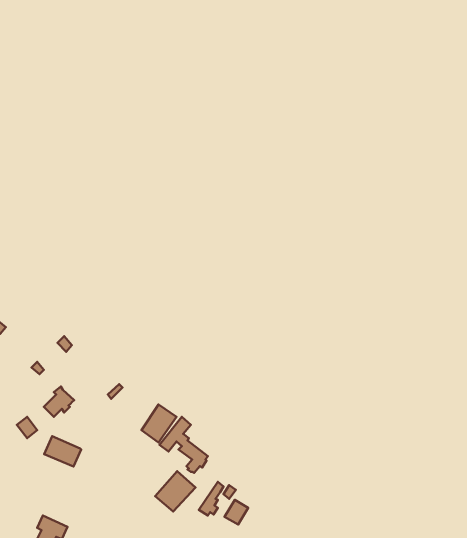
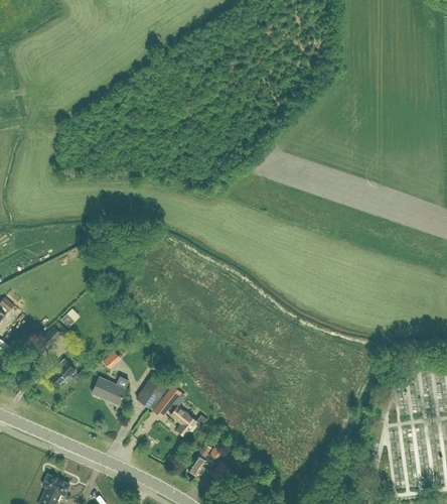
building: [44,436,81,466] -> [93,376,126,403]
building: [155,471,195,511] -> none

